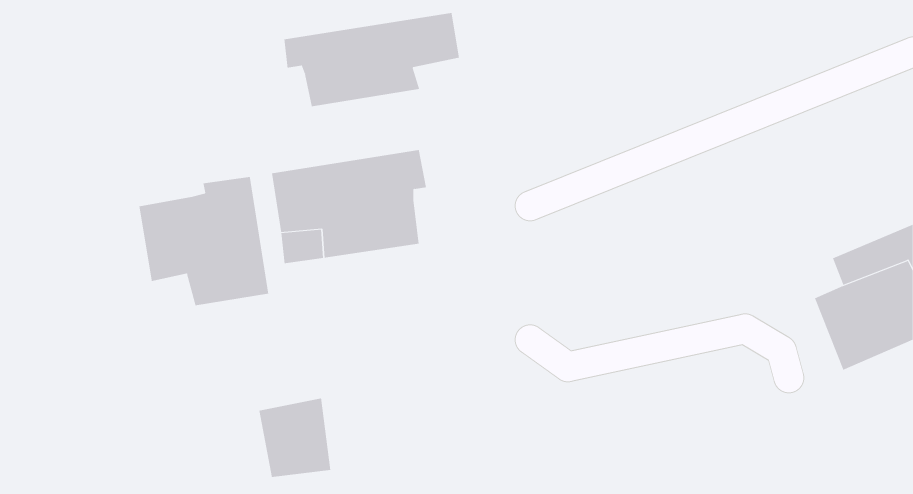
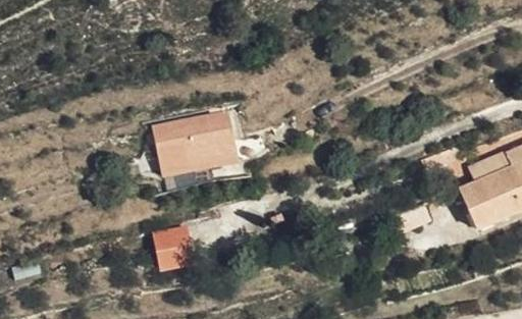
building: [284,12,459,107] -> none
building: [139,176,269,306] -> none

